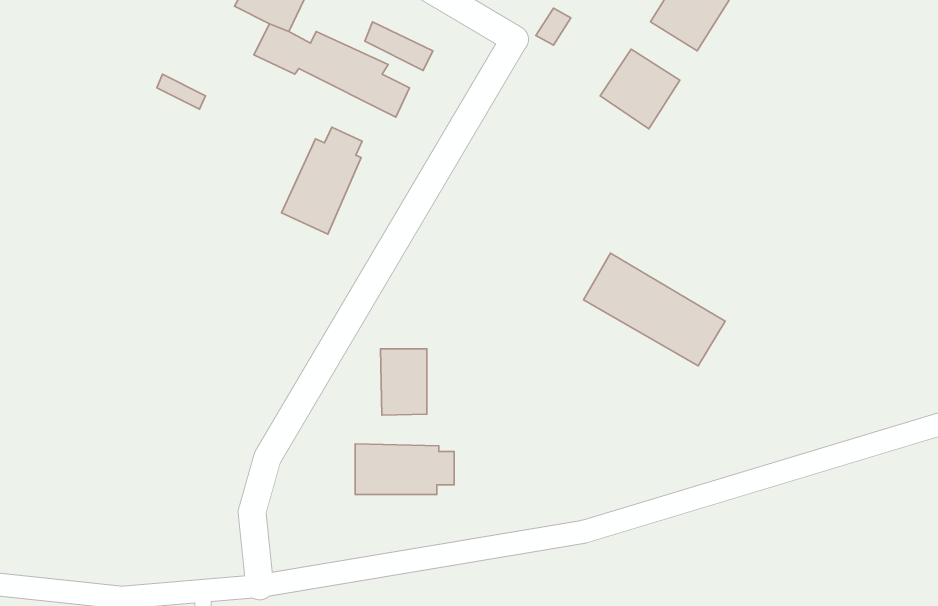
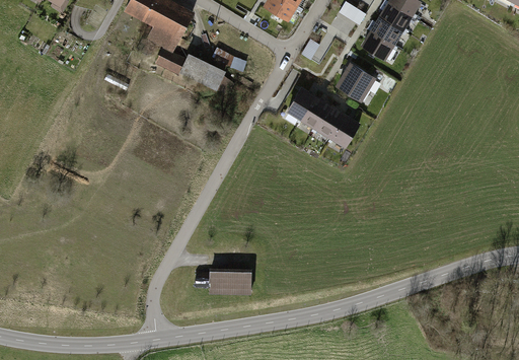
building: [282,127,362,234] -> none
building: [583,253,725,366] -> [285,88,359,147]
building: [380,349,427,415] -> none

